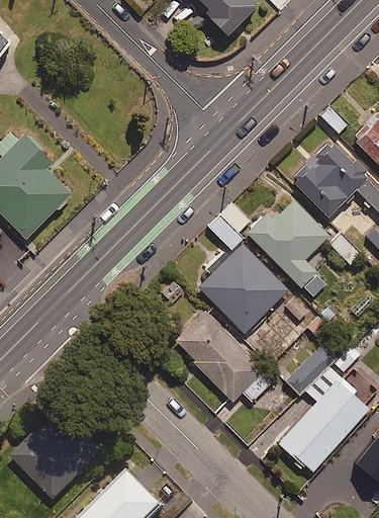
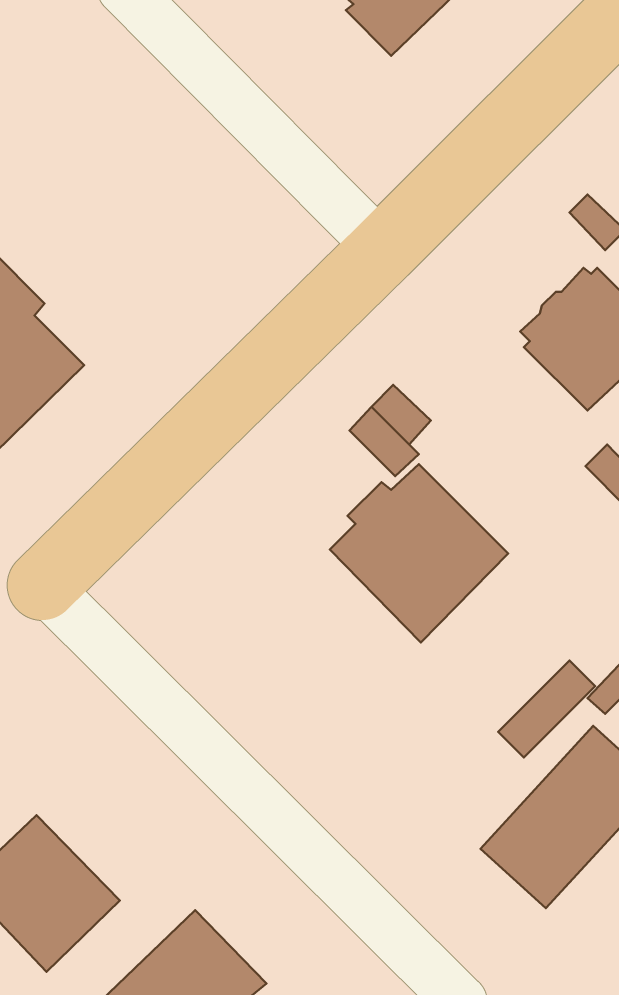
building: [248,200,331,298] -> none
building: [176,312,273,404] -> none

